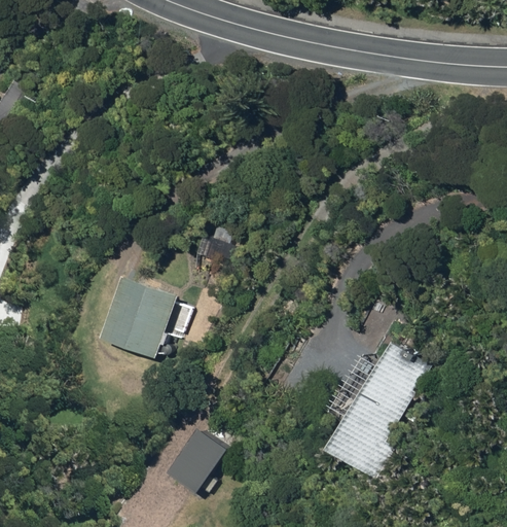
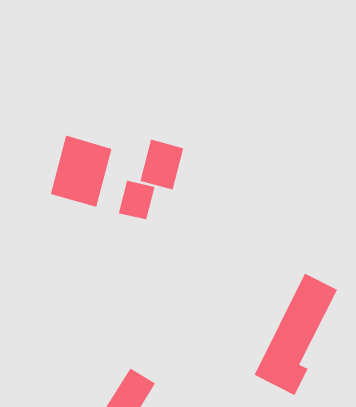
building: none -> [139,139,184,190]
building: [102,275,177,360] -> [50,135,112,208]

